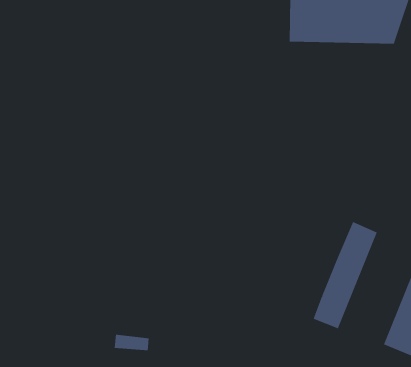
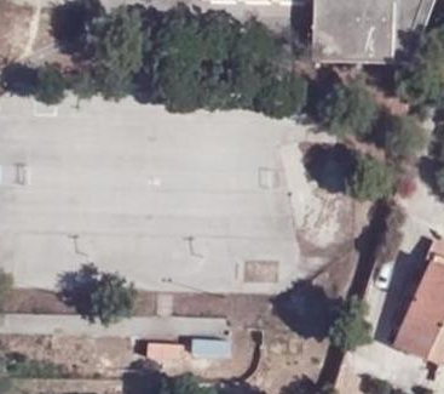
building: [313,221,377,329] -> none

